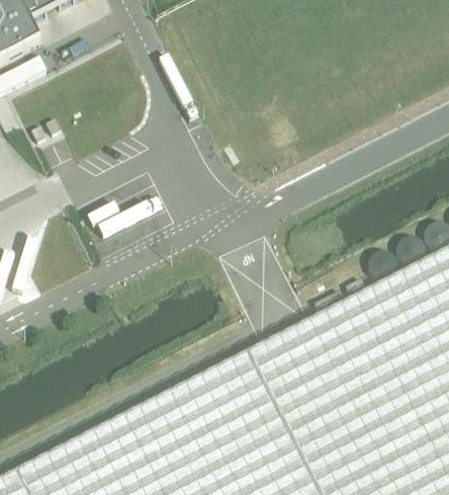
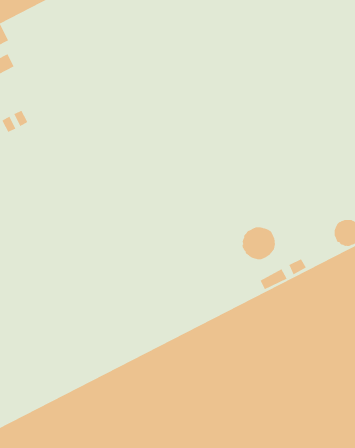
building: none -> [242,226,275,260]
building: [368,256,397,286] -> none

